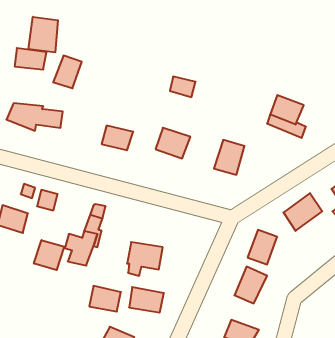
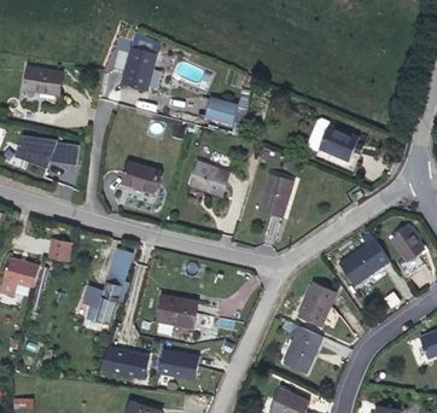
building: [28,17,58,52] -> none
building: [53,56,82,88] -> [122,50,156,88]
building: [34,240,64,270] -> none

